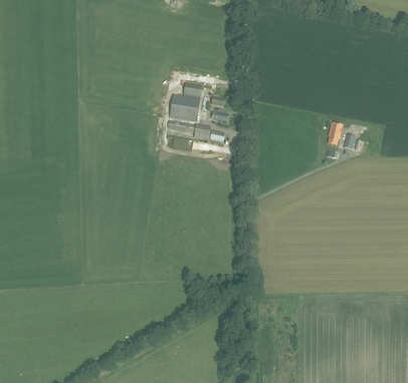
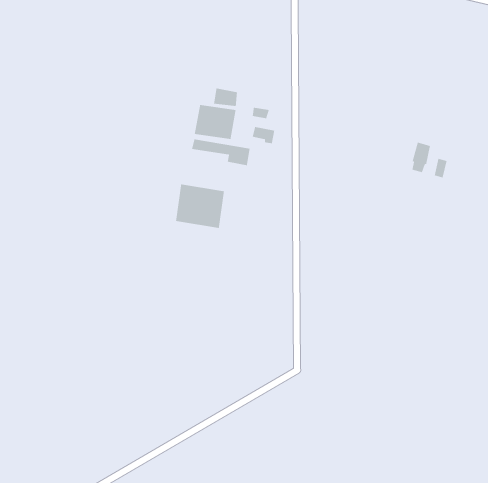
building: none -> [175,183,225,229]

